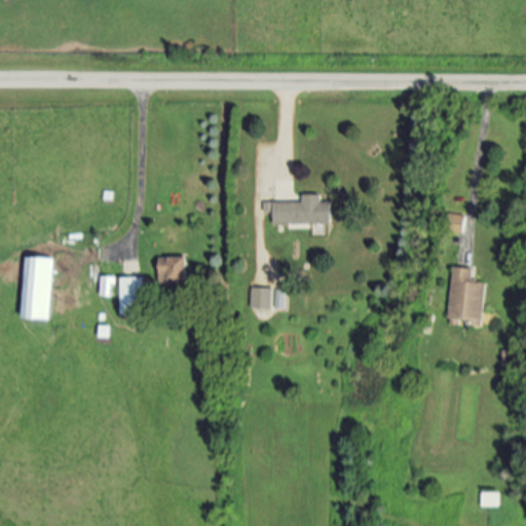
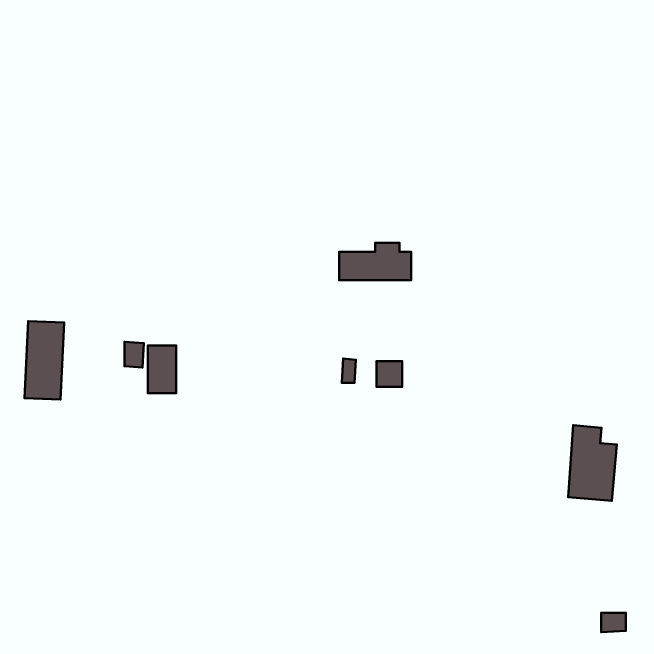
building: [157,256,186,281] -> none
building: [446,266,485,327] -> [568,425,617,501]
building: [250,288,270,308] -> [377,361,402,387]

